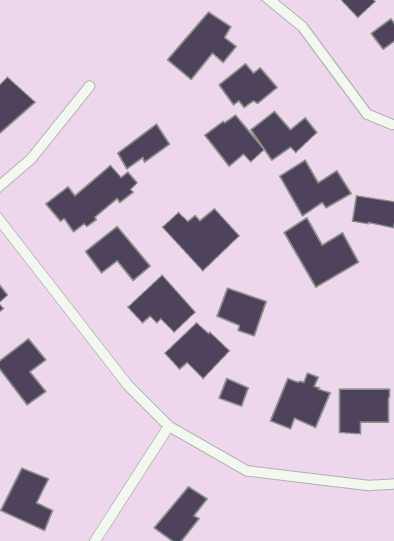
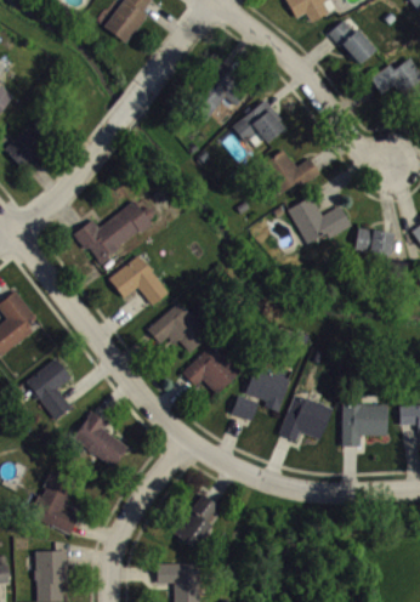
building: [205,115,264,166] -> none
building: [118,124,169,169] -> none
building: [163,209,239,271] -> none
building: [284,218,358,287] -> none
building: [217,288,266,336] -> [245,367,290,410]
building: none -> [74,411,129,467]

